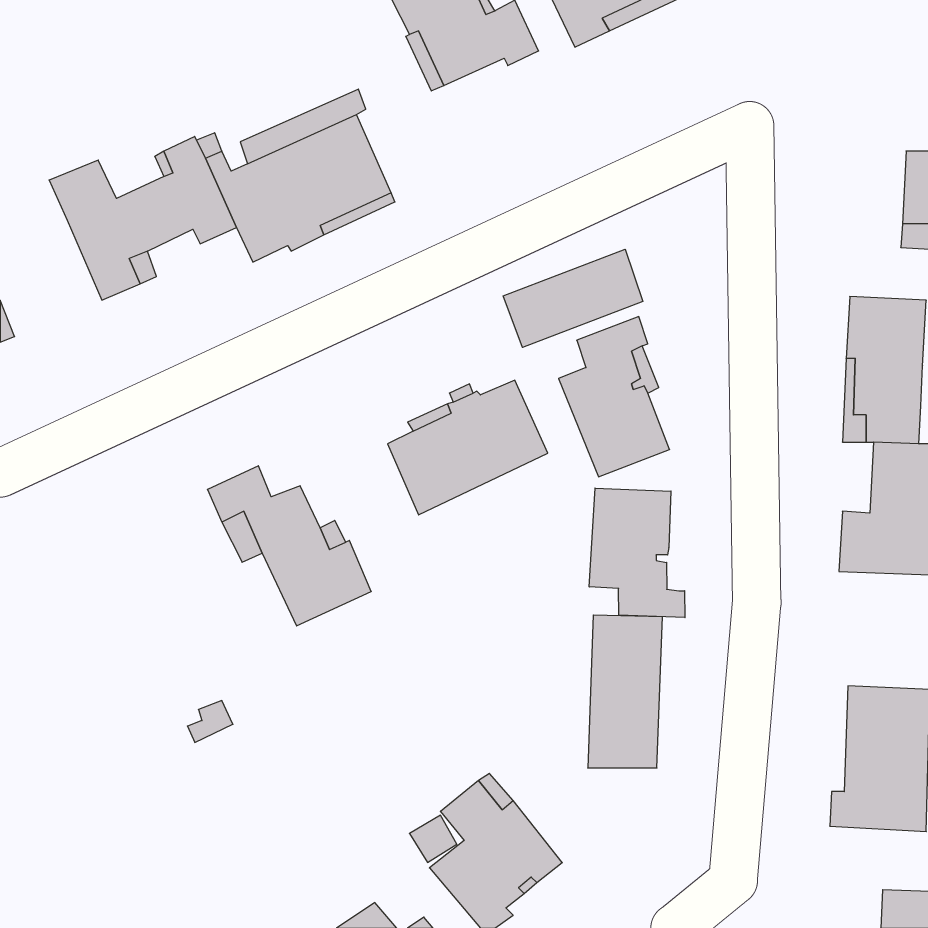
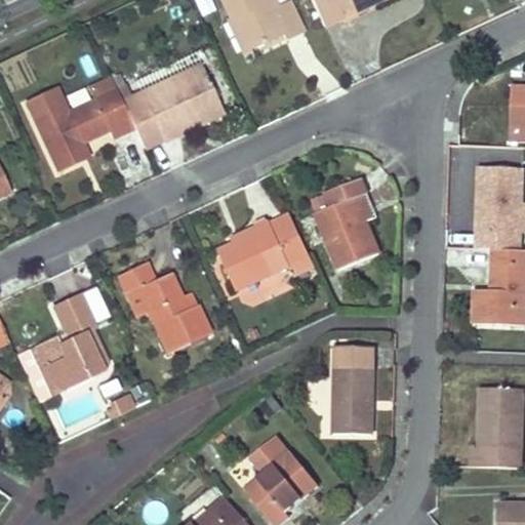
building: [503,249,643,347] -> none
building: [589,488,685,618] -> none
building: none -> [17,294,106,402]

